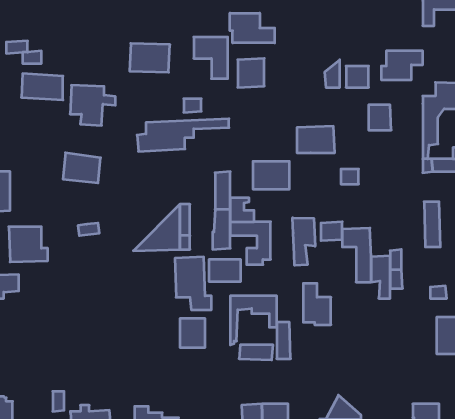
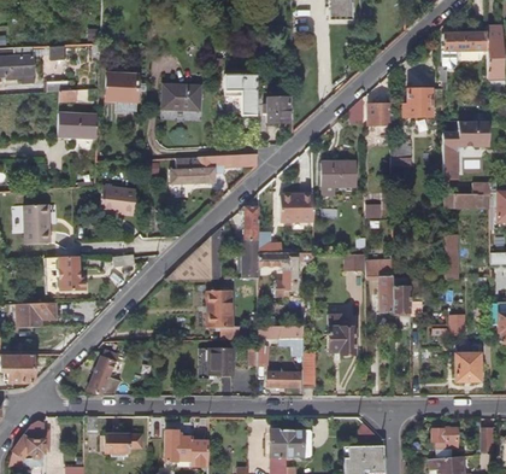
building: [230,13,275,43] -> none
building: [70,85,115,125] -> [104,74,147,112]
building: [293,218,315,265] -> none
building: [209,259,240,282] -> none
building: none -> [87,349,122,396]

